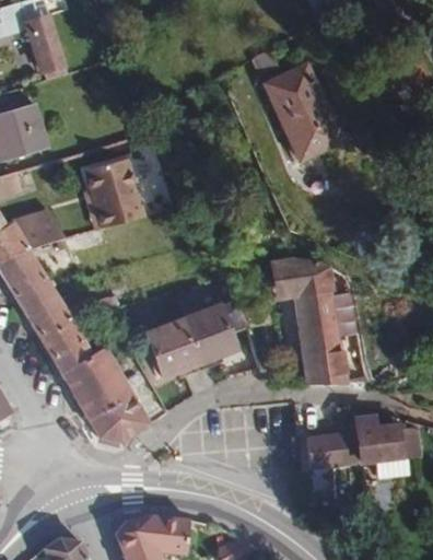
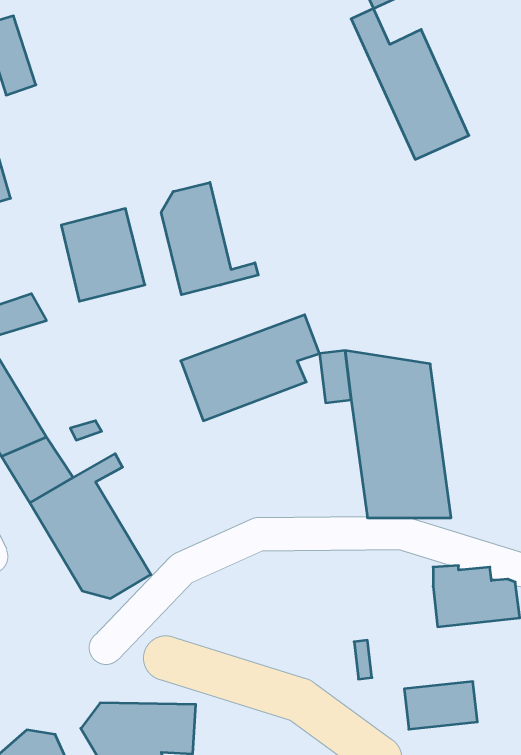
building: [251,49,338,160] -> [351,9,469,159]
building: none -> [161,182,258,295]
building: [145,300,247,377] -> [181,315,320,421]
building: [305,432,359,467] -> [404,682,477,729]

